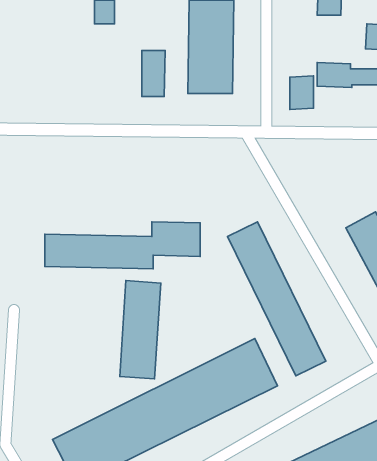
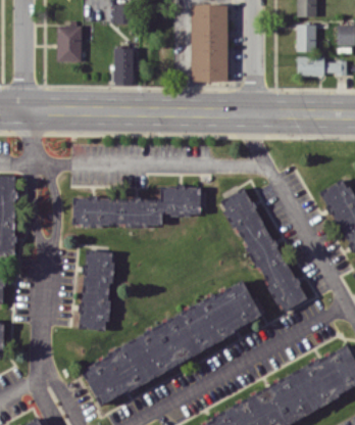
building: none -> [57,26,83,61]
building: [142,51,165,97] -> [114,47,134,85]
building: [290,76,313,109] -> [297,23,316,51]
building: [120,281,161,379] -> [80,249,113,330]

